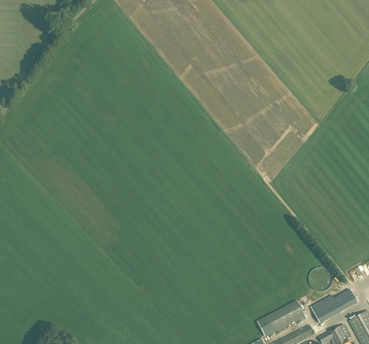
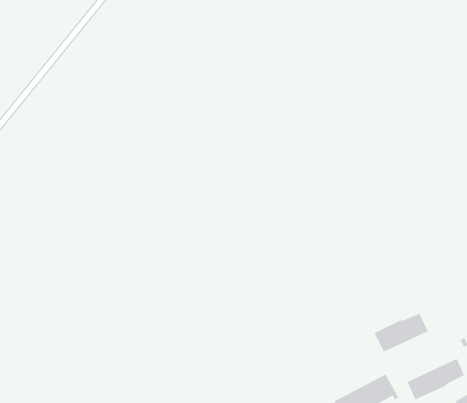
building: none -> [374,313,428,353]

